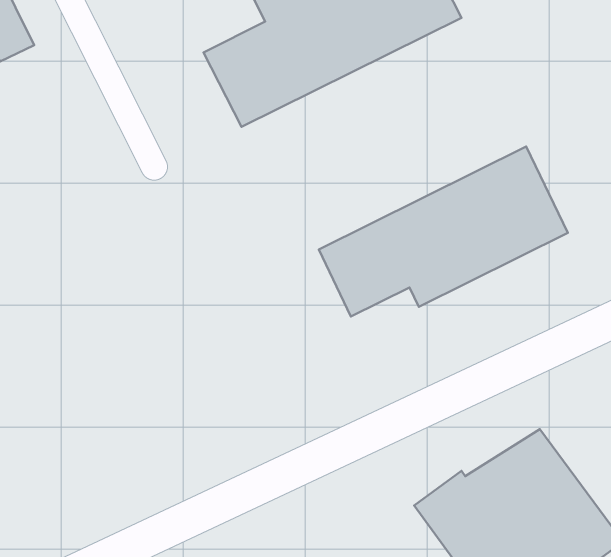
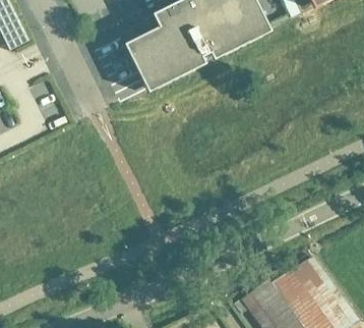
building: [319,146,568,316] -> none

